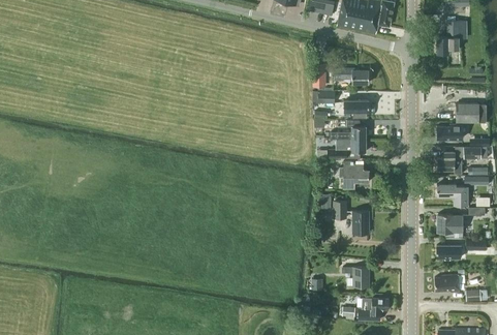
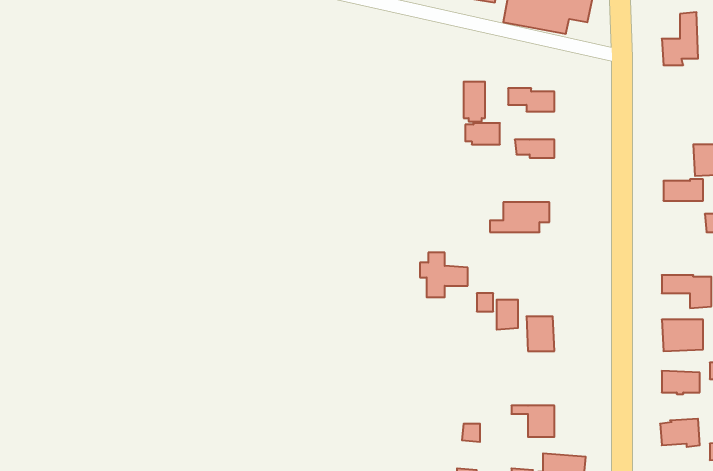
building: [330,120,366,140] -> none
building: [437,152,462,174] -> none
building: [339,161,369,189] -> [420,253,468,297]

